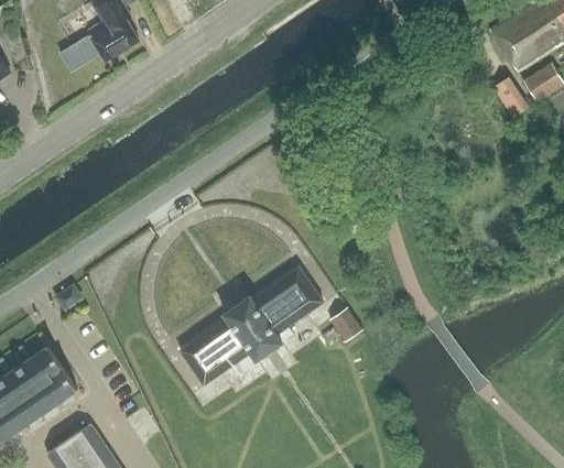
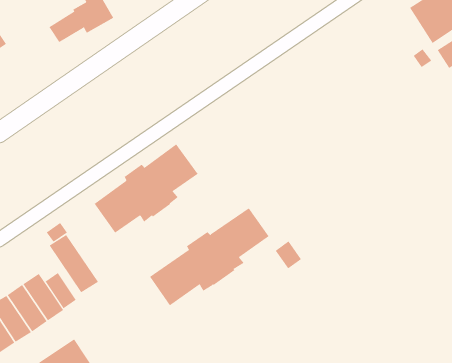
building: none -> [94,144,198,234]
building: none -> [49,234,99,293]
building: none -> [45,272,77,309]

